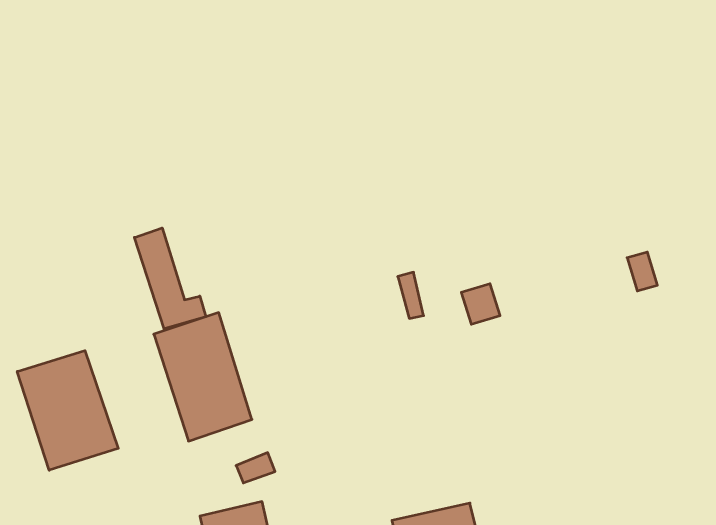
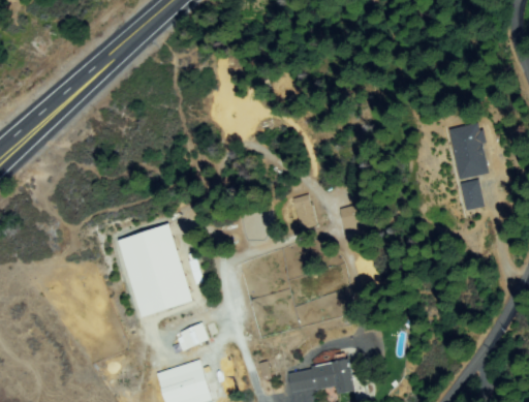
building: none -> [447,124,486,179]
building: [134,228,206,329] -> none
building: [17,351,118,470] -> none

